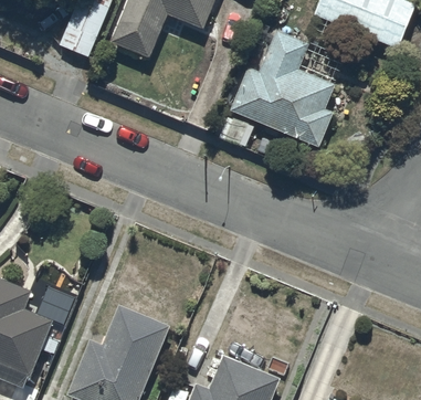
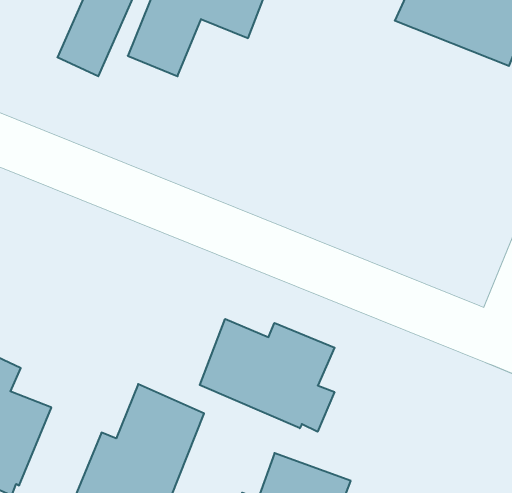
building: [229,40,336,158] -> none
building: none -> [200,319,335,432]

